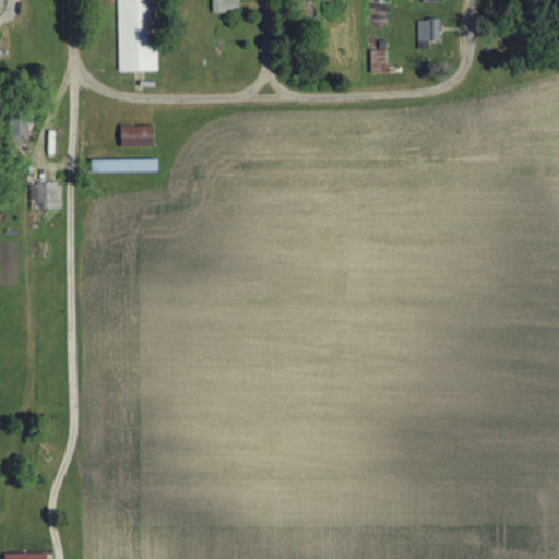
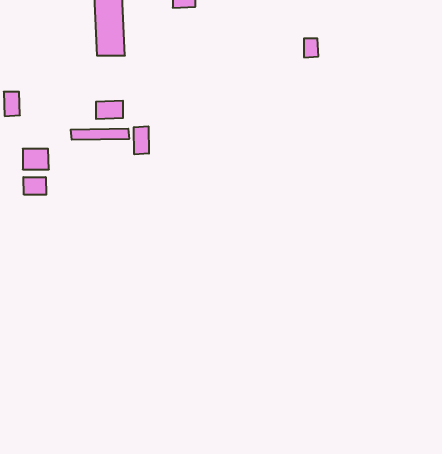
building: [417,20,440,49] -> none
building: none -> [134,126,149,154]
building: none -> [23,177,46,195]

